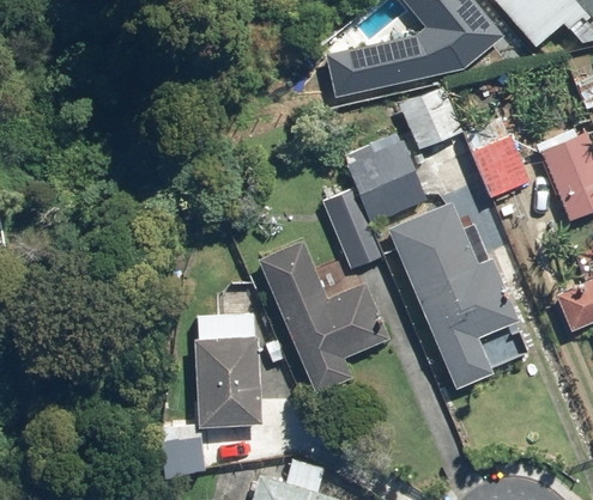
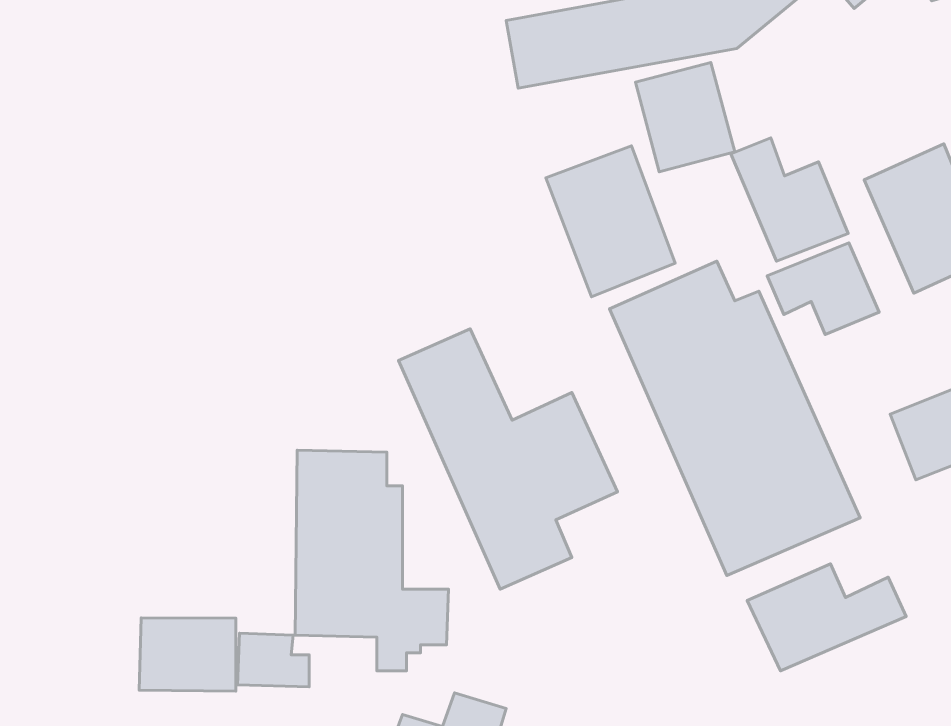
building: [315,179,379,267] -> none
building: none -> [767,243,879,335]
building: none -> [747,564,906,671]
building: none -> [139,618,236,691]

